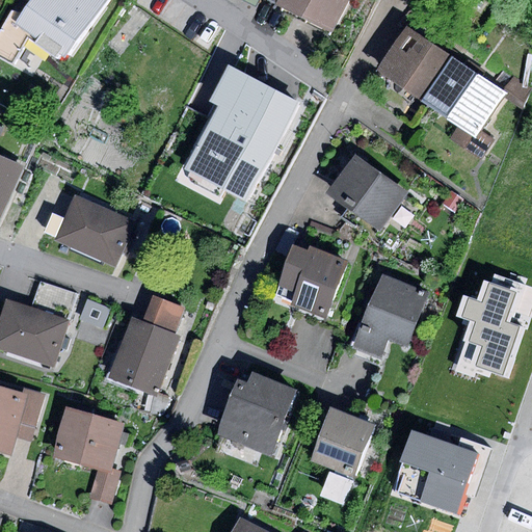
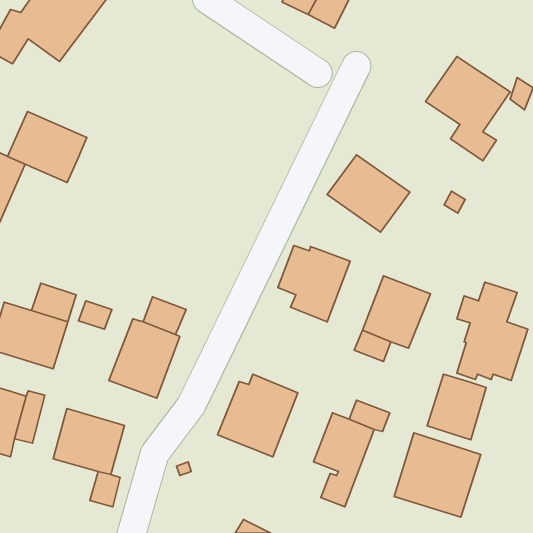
building: [377,25,454,101] -> none
building: [182,63,298,202] -> none
building: [55,195,134,266] -> [8,111,87,183]
building: none -> [427,374,486,440]

